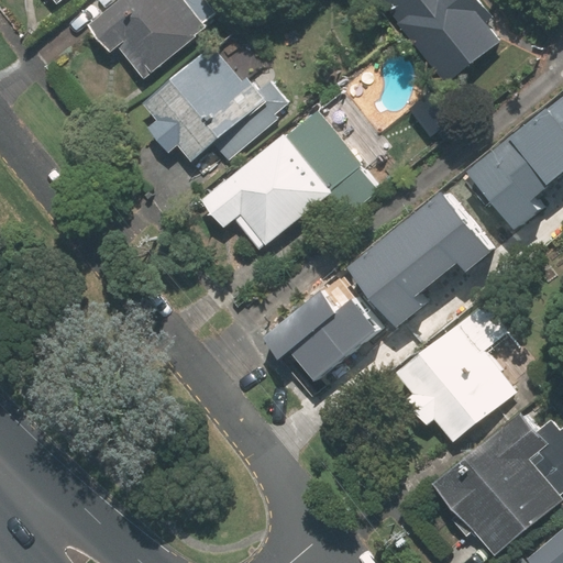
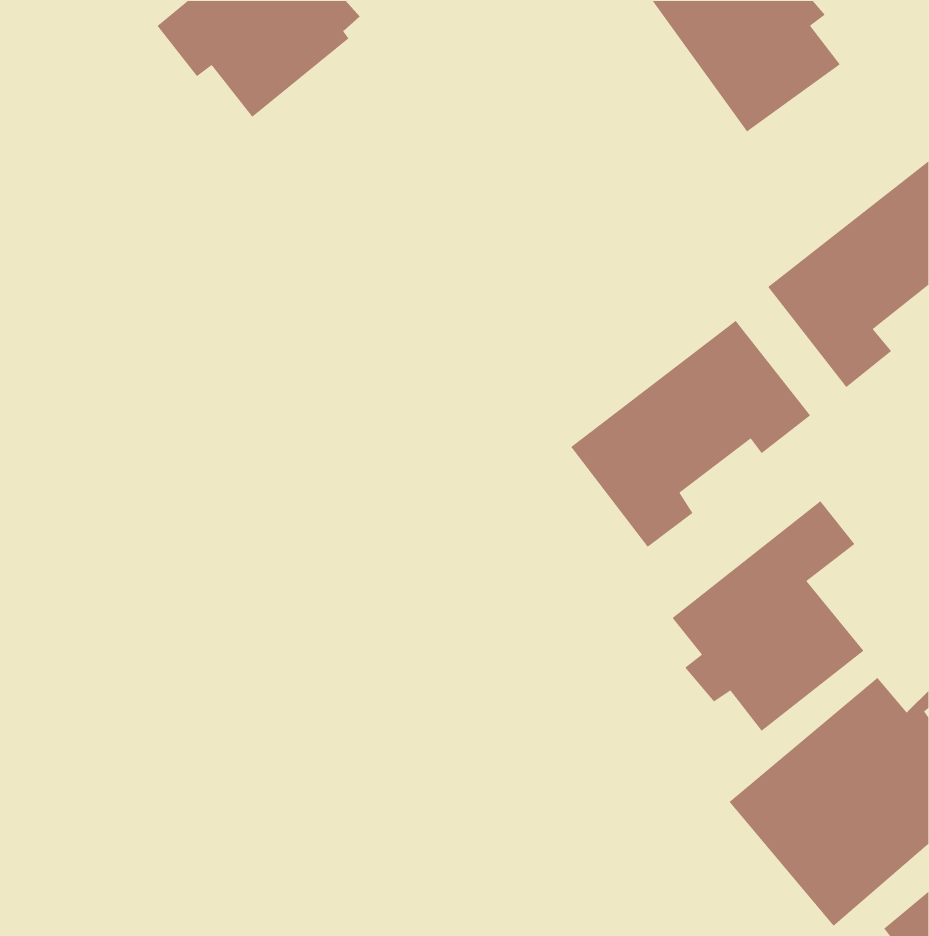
building: [126,43,294,163] -> none
building: [205,108,379,251] -> none
building: [258,295,368,383] -> none

